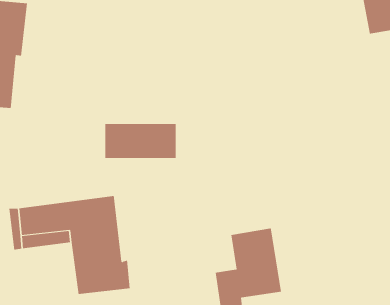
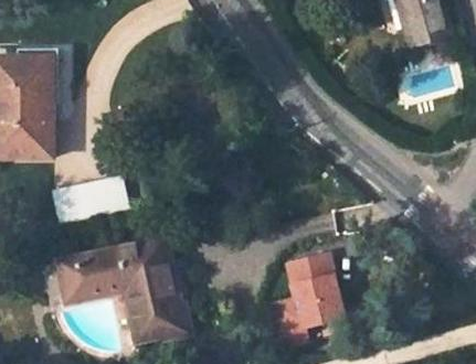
building: [105,124,176,159] -> [50,178,126,220]

